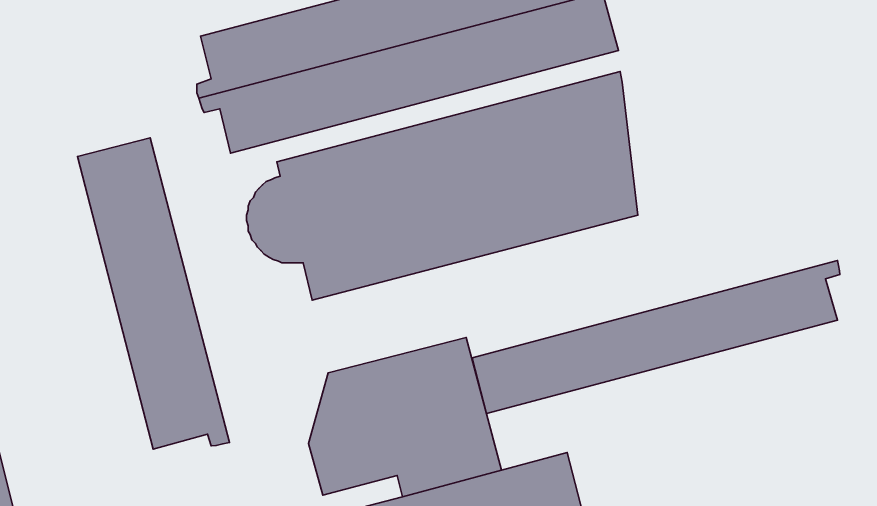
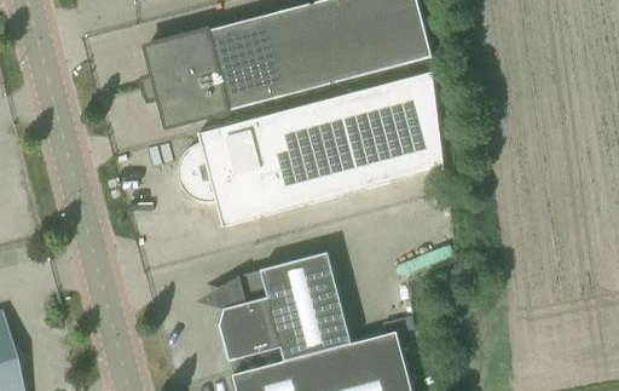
building: [78,138,230,449] -> none
building: [472,260,840,413] -> none

